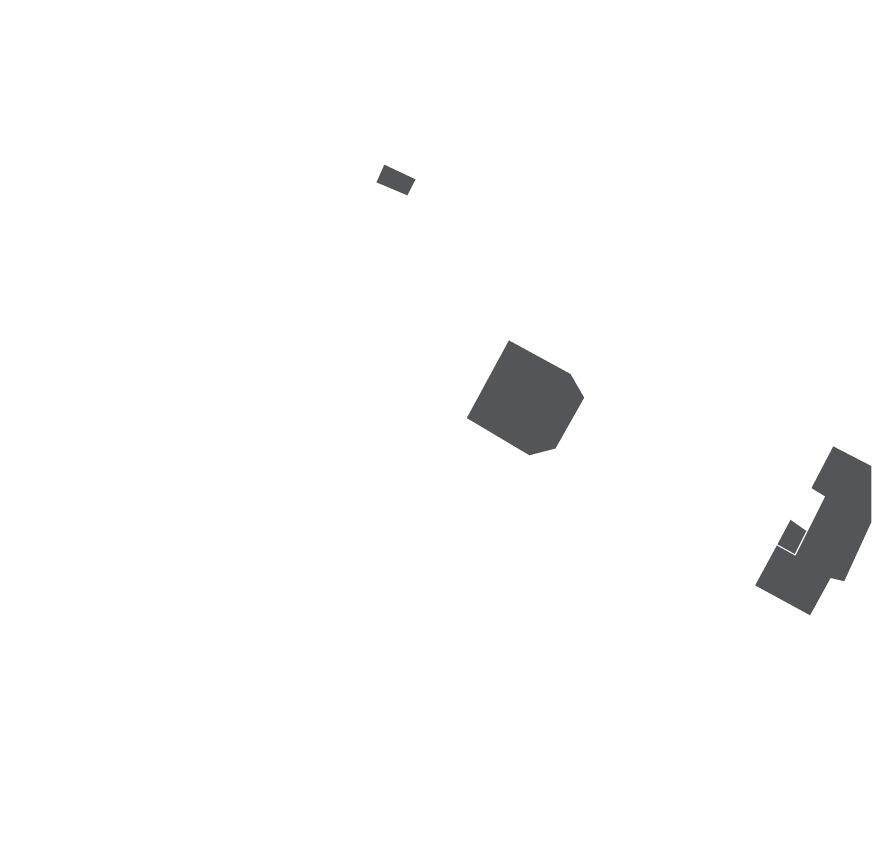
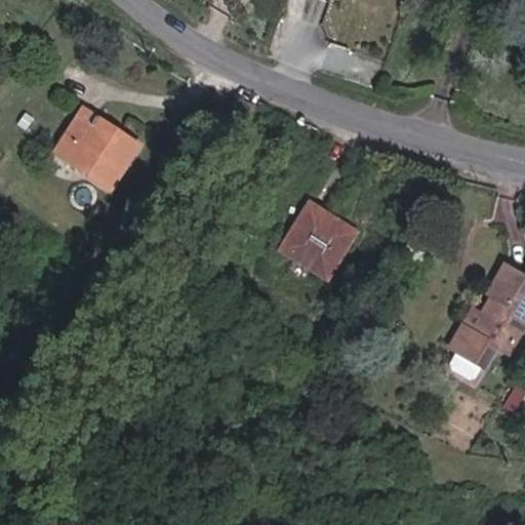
building: none -> [54,103,135,178]

